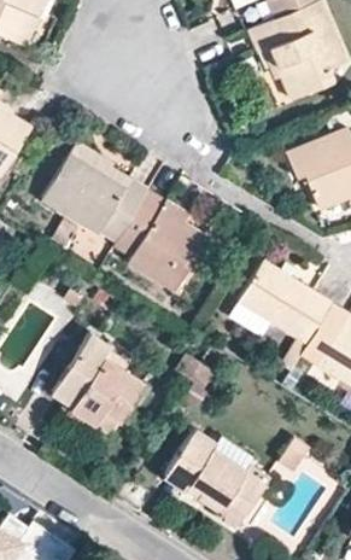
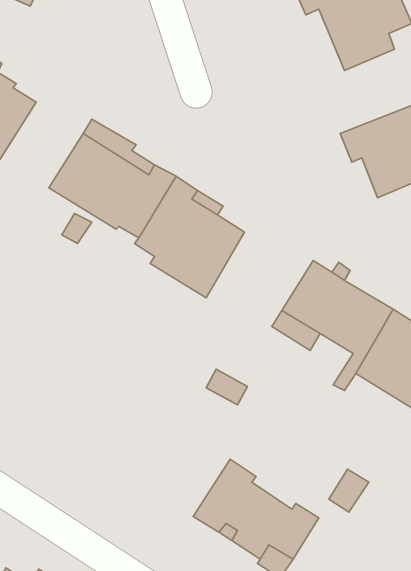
building: [51,333,145,436] -> none

